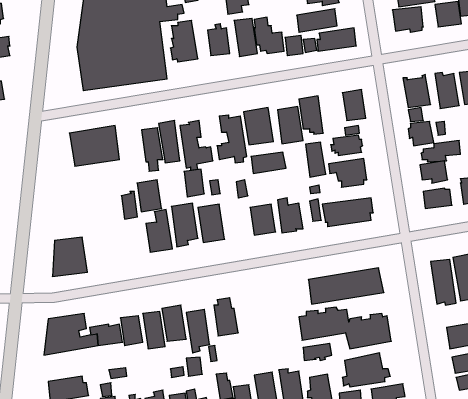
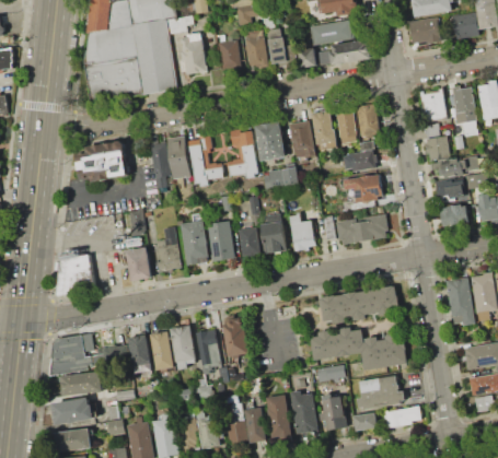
building: [306,142,326,177] -> [336,107,357,143]
building: [184,169,204,197] -> [238,227,258,256]
building: [137,180,162,212] -> [126,247,151,280]
building: none -> [61,371,102,396]

